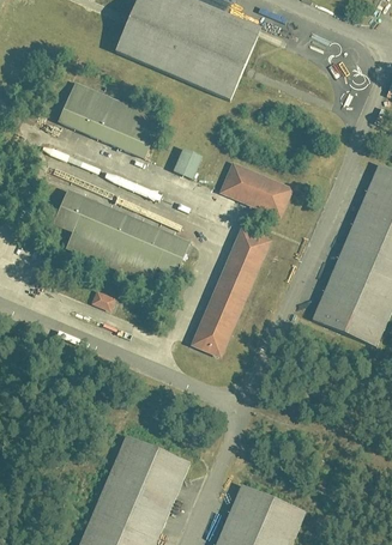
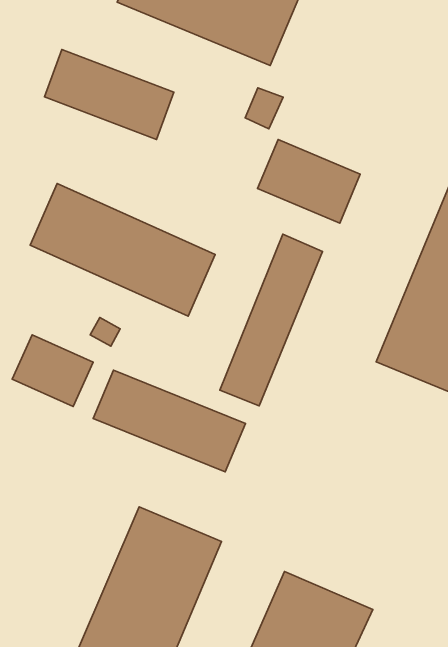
building: [173,150,201,181] -> [245,88,283,129]
building: none -> [12,335,93,407]
building: none -> [93,370,245,472]

